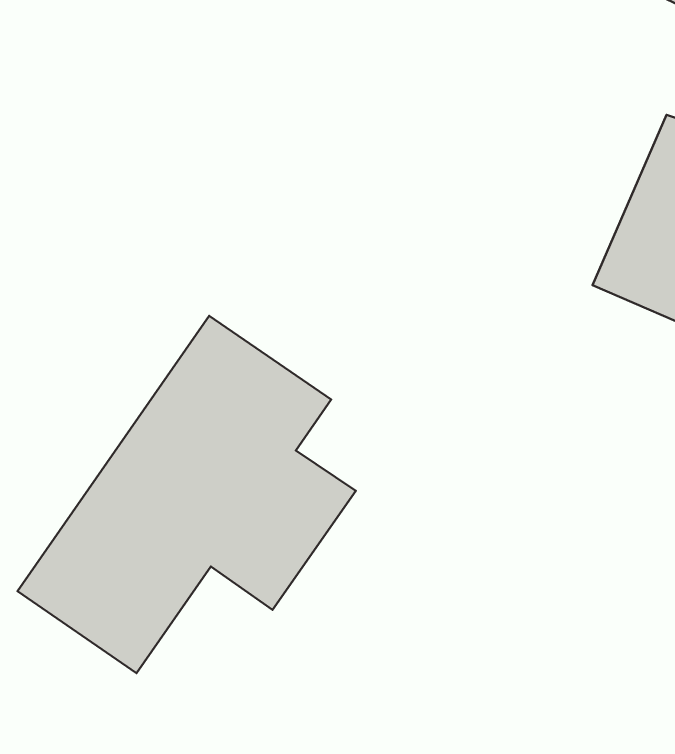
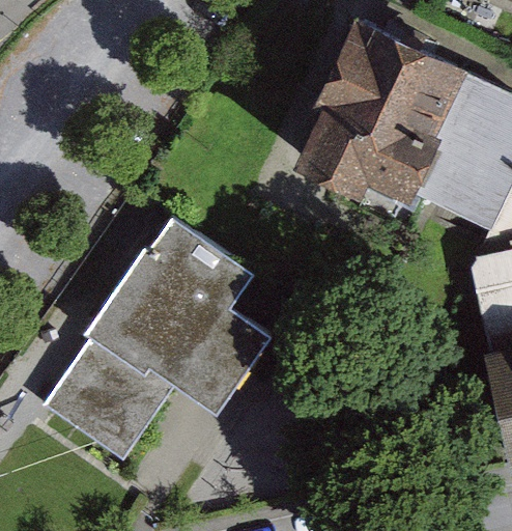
building: none -> [302,30,478,197]

